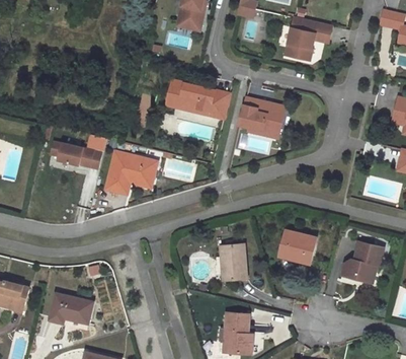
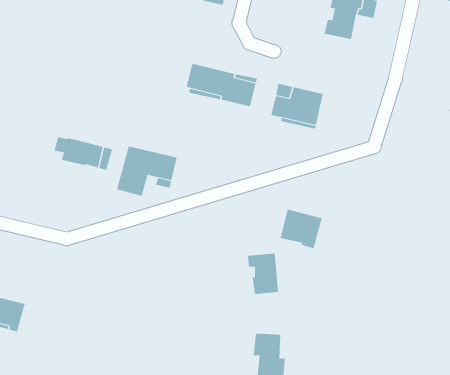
building: [279,229,316,264] -> [280,209,322,249]
building: [341,241,384,284] -> none
building: [49,293,91,322] -> none

